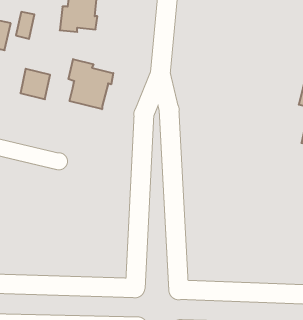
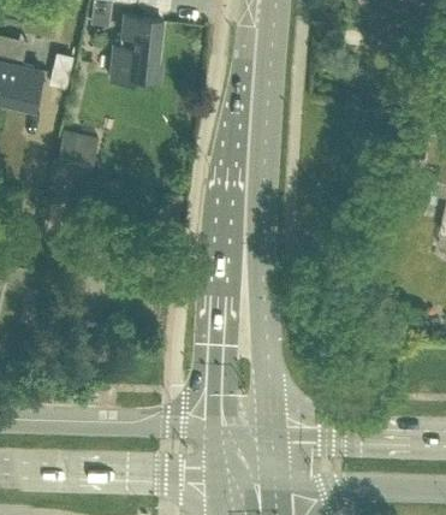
building: [68,59,113,109] -> none

